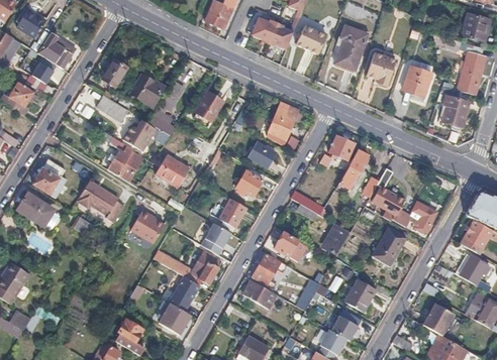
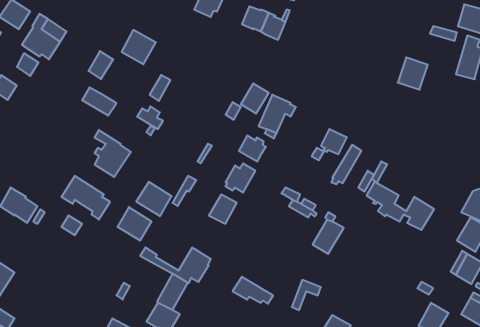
building: [297,25,326,52] -> none
building: [335,25,369,70] -> none
building: [367,52,395,83] -> none
building: [130,74,164,107] -> [122,30,156,64]
building: [195,93,222,122] -> [241,83,269,114]
building: [442,94,471,127] -> none
building: [128,121,154,151] -> none
building: [154,154,188,188] -> [136,182,172,216]
building: [32,159,65,197] -> none
building: [201,223,230,255] -> none
building: [373,228,406,265] -> none
building: [274,232,306,261] -> none
building: [253,252,287,288] -> none
building: [346,278,377,313] -> none

